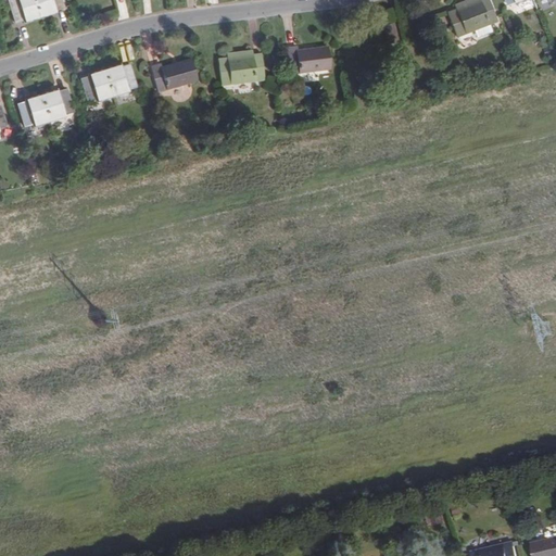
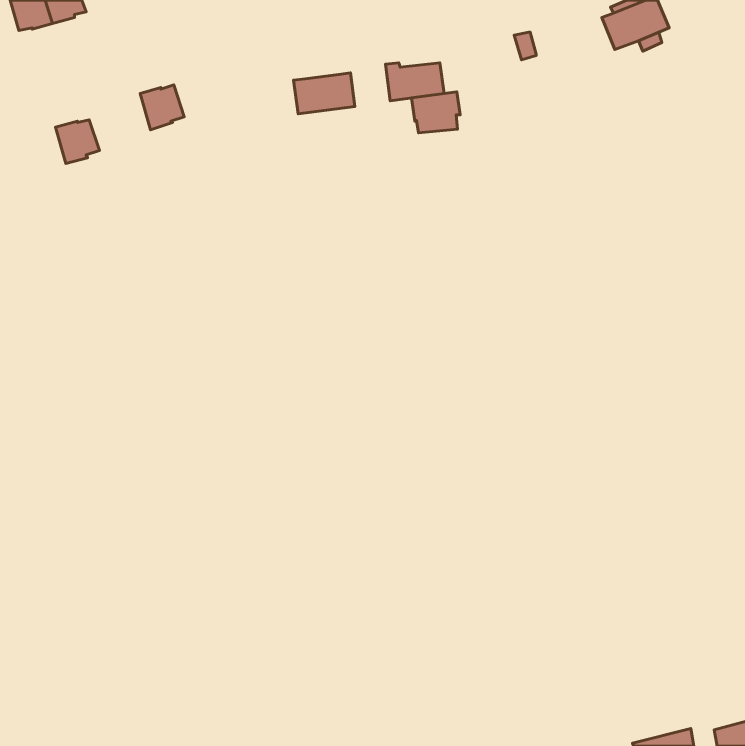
building: [151,59,198,91] -> none
building: none -> [411,92,460,133]
building: [81,70,113,102] -> none
building: [17,94,50,127] -> none

